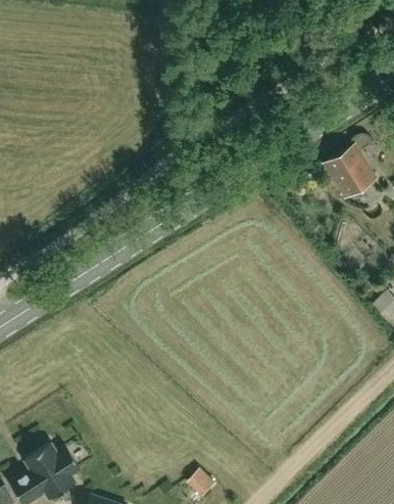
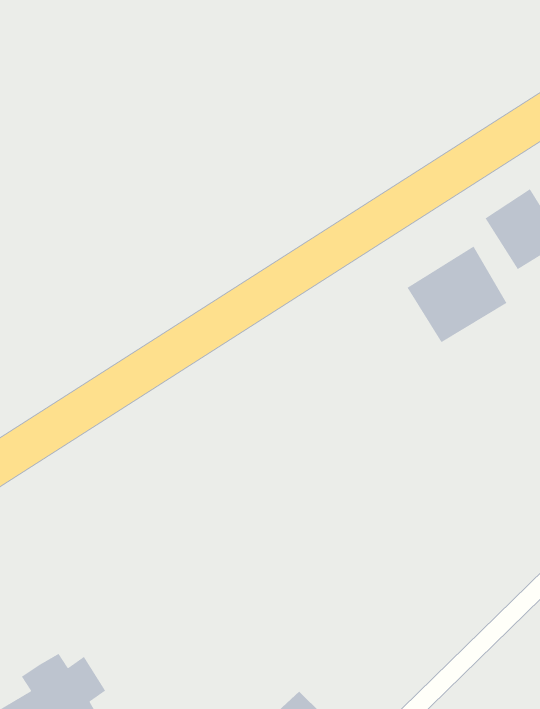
building: none -> [407,245,508,343]

